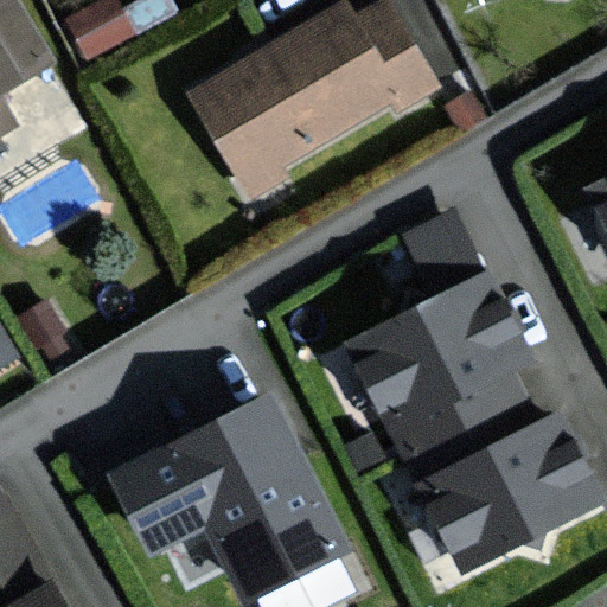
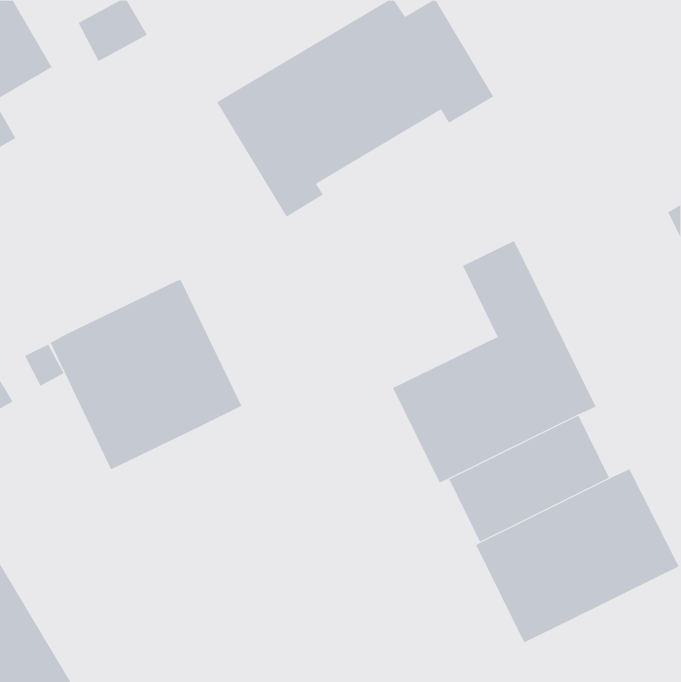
building: none -> [50,279,242,470]
building: [114,398,346,599] -> none

